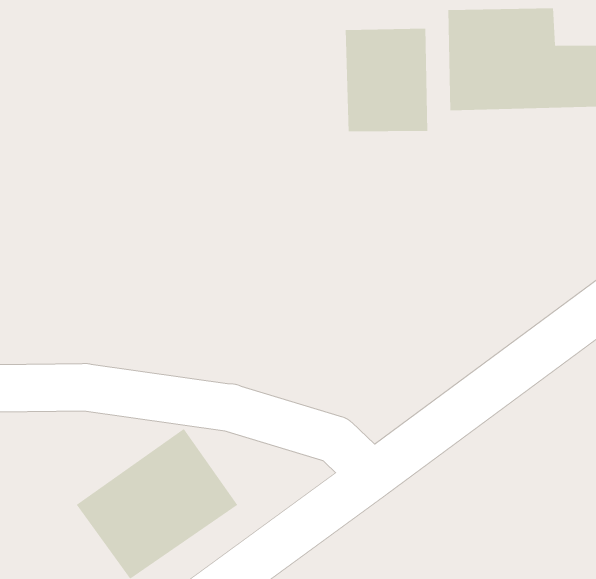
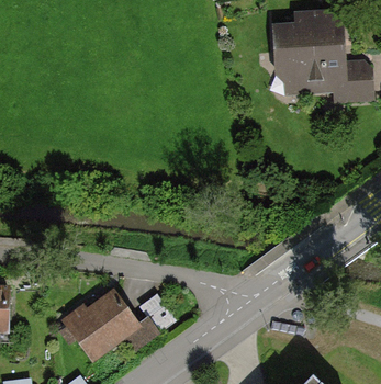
building: [345,28,428,132] -> none

